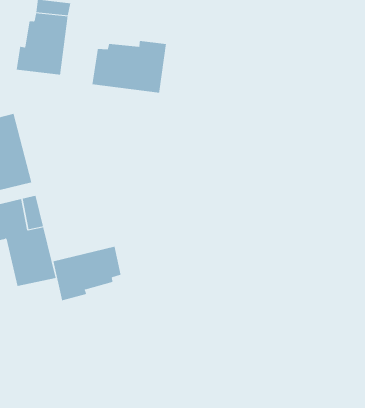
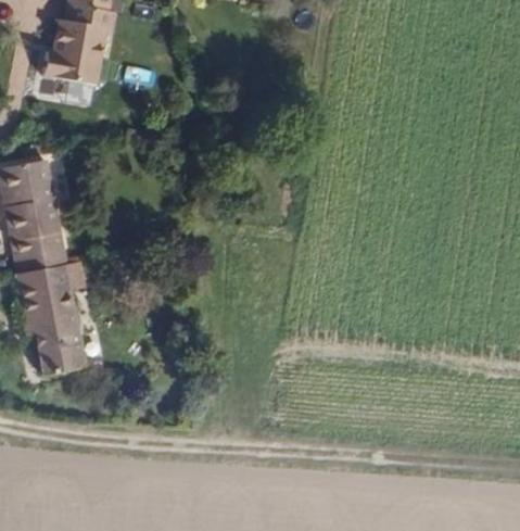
building: [92,40,167,94] -> none
building: [53,246,121,301] -> none

